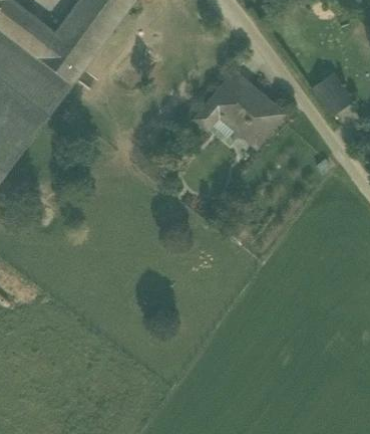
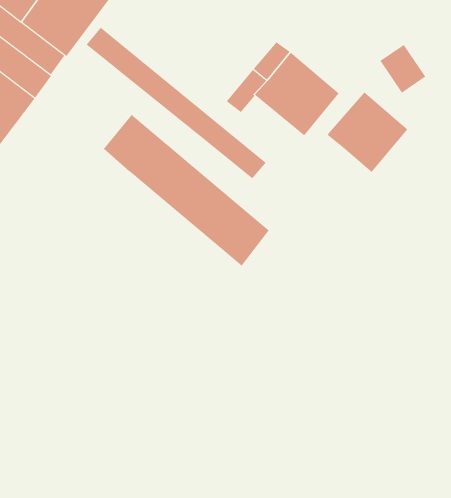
building: none -> [86,27,266,179]
building: none -> [327,92,408,173]
building: none -> [103,114,269,266]

